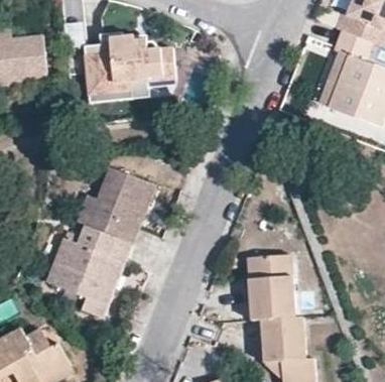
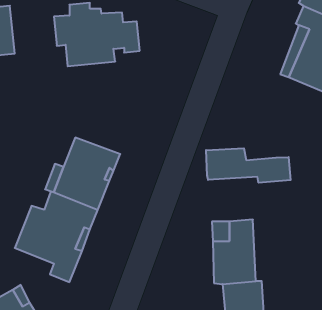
building: [89,73,150,106] -> none
building: none -> [206,148,291,183]

